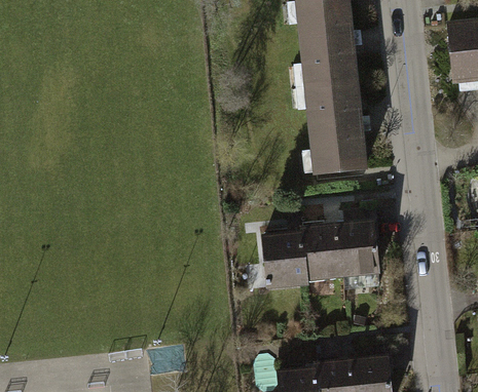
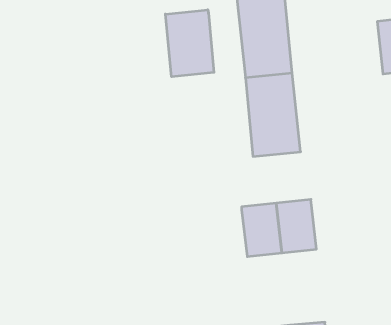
building: none -> [165,10,214,77]
building: [262,231,305,289] -> none

